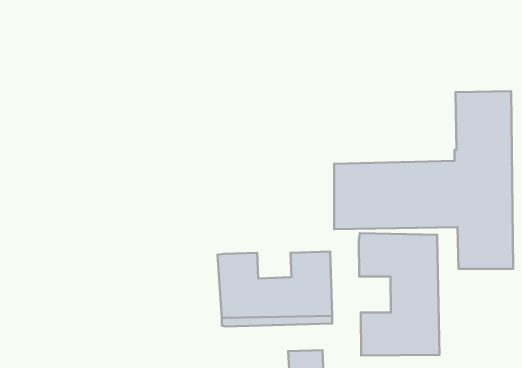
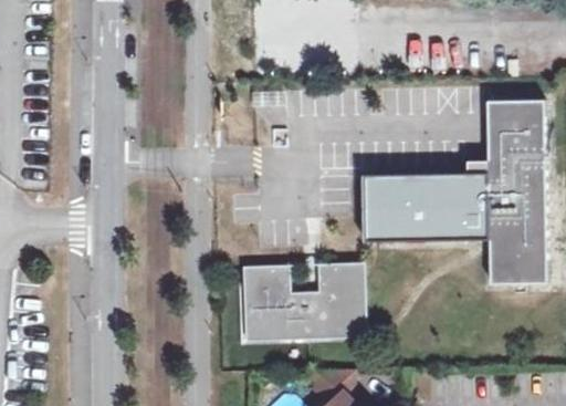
building: [359,233,440,356] -> none

